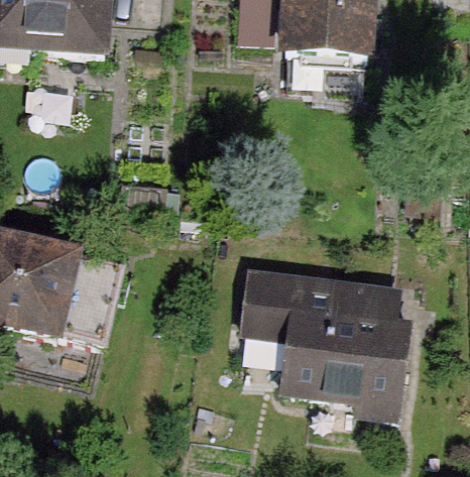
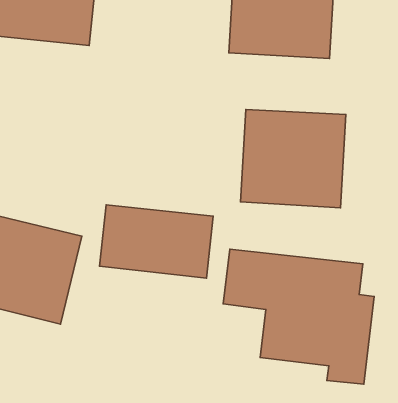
building: none -> [241,110,346,208]
building: none -> [99,205,213,278]

